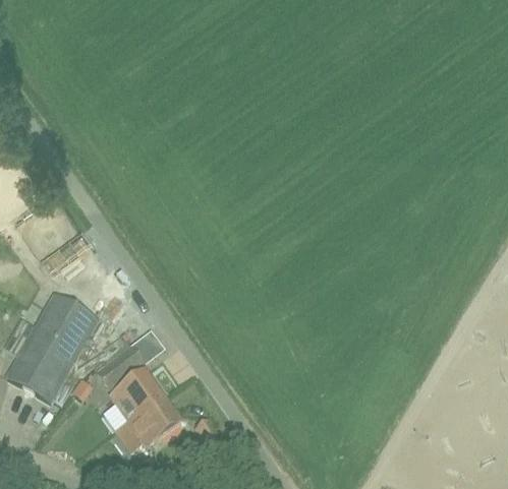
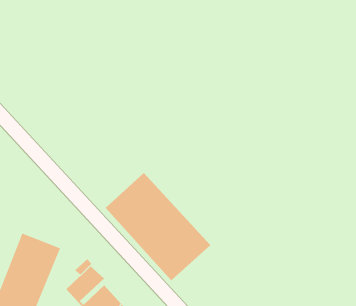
building: none -> [105,172,211,281]

